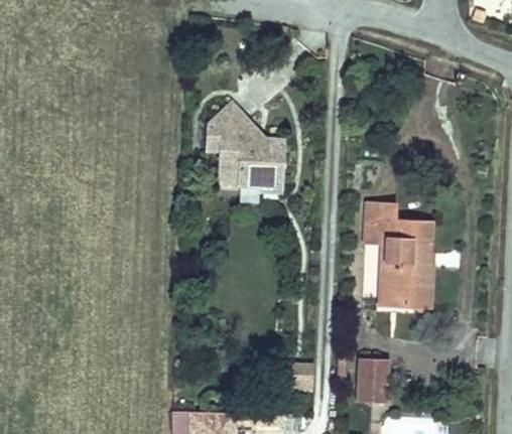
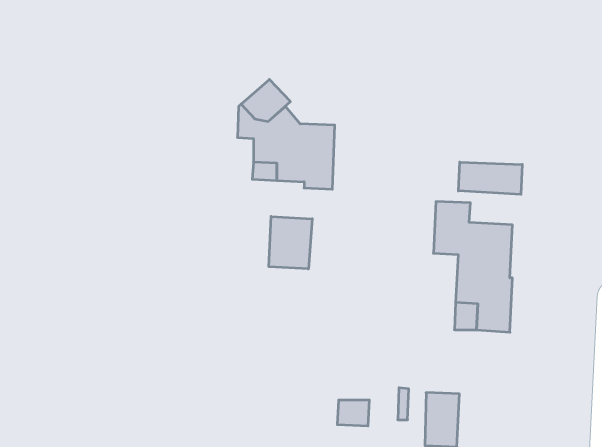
building: none -> [458,162,522,194]
building: none -> [269,216,312,269]

